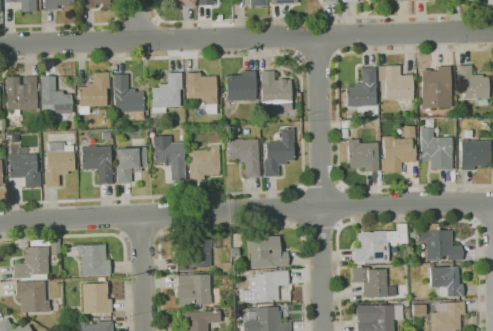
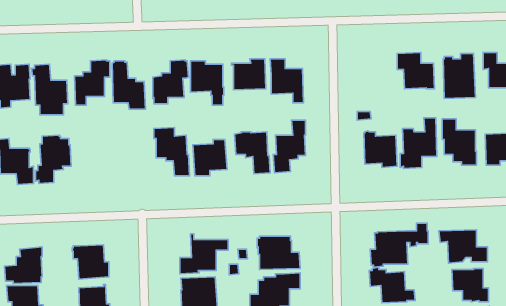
building: [346,67,376,107] -> none
building: [80,145,114,184] -> none
building: [116,147,147,183] -> none

